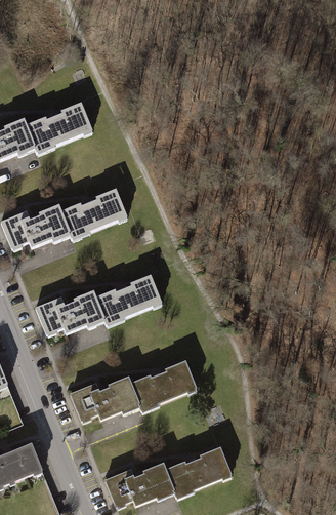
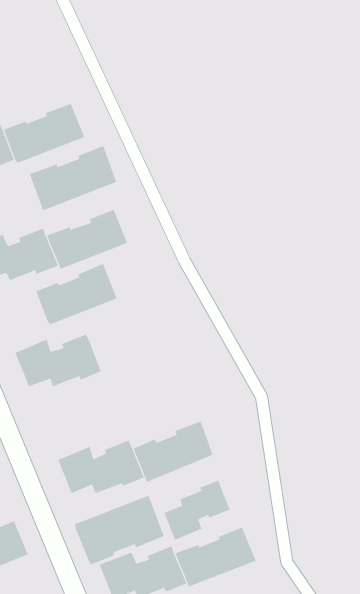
building: none -> [29,145,117,211]
building: [96,274,163,324] -> [36,263,117,325]
building: none -> [163,480,231,540]
building: none -> [74,495,164,566]

